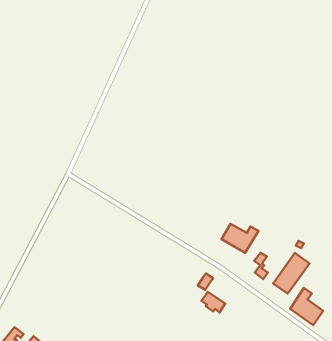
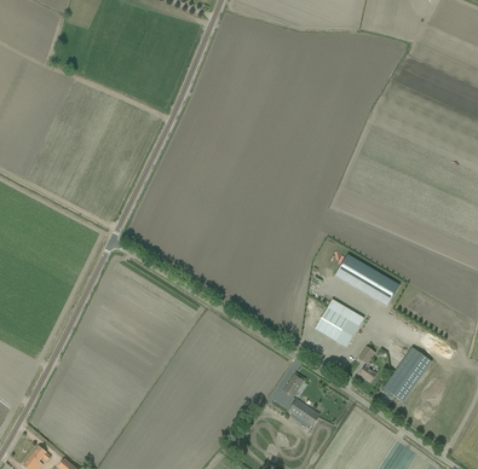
building: none -> [335,253,399,305]
building: [290,288,323,325] -> none

